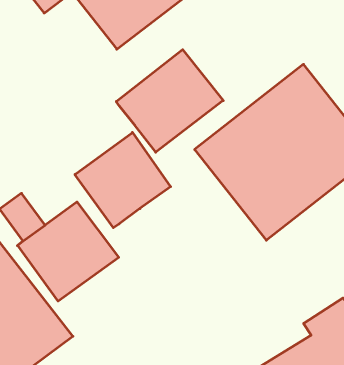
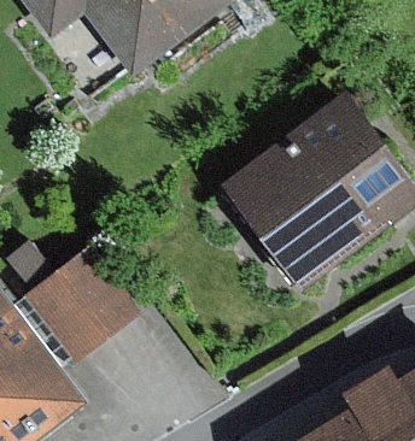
building: [116,50,223,152] -> none
building: [75,132,171,228] -> none

